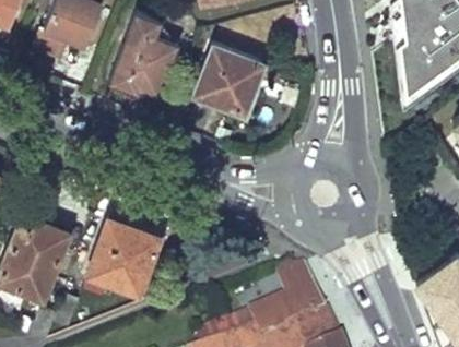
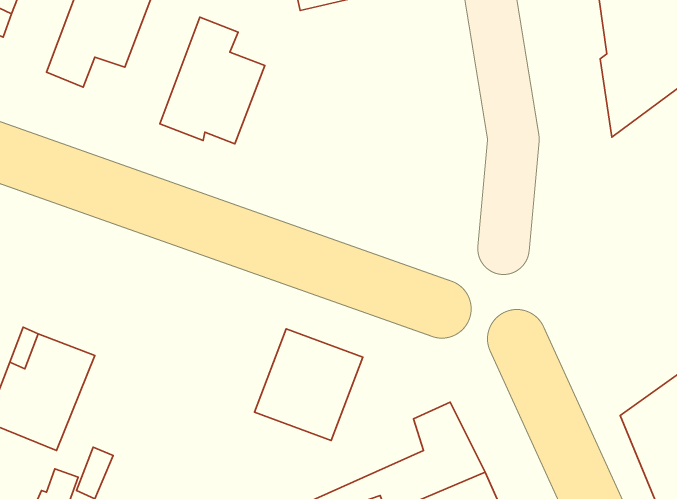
building: [196,47,263,112] -> none
building: [91,220,162,294] -> [254,329,363,441]

